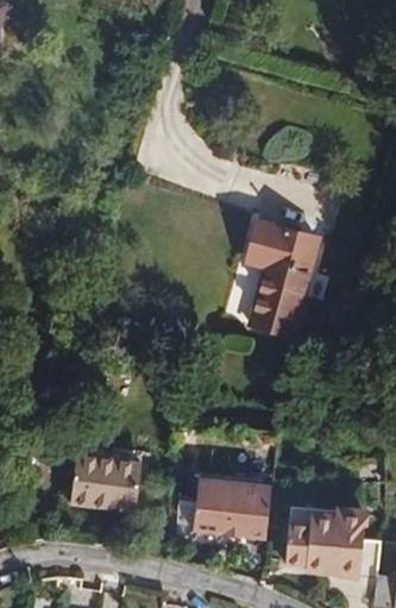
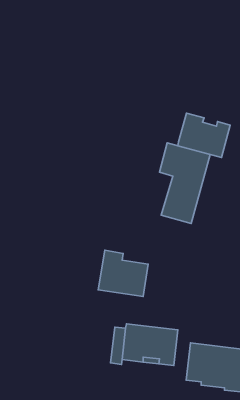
building: none -> [178,113,230,158]
building: [69,445,140,512] -> [98,250,148,297]

